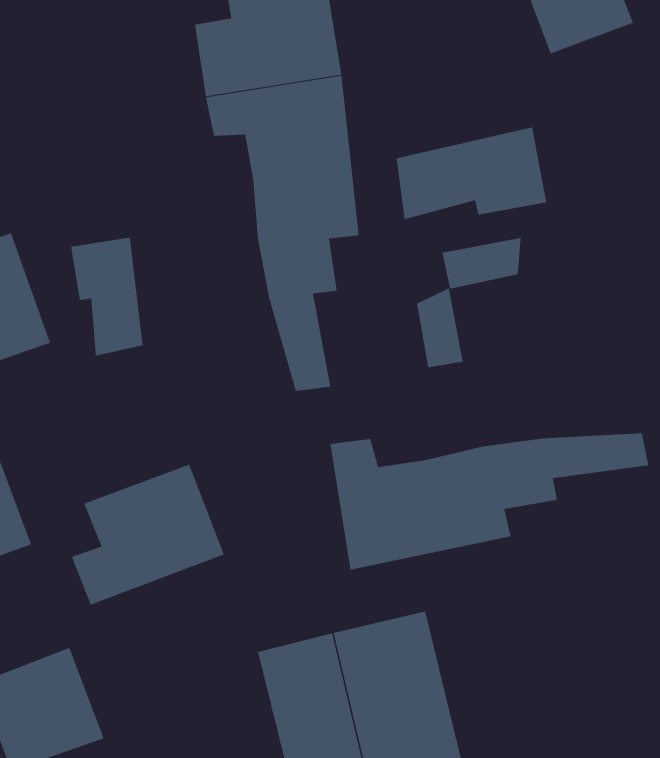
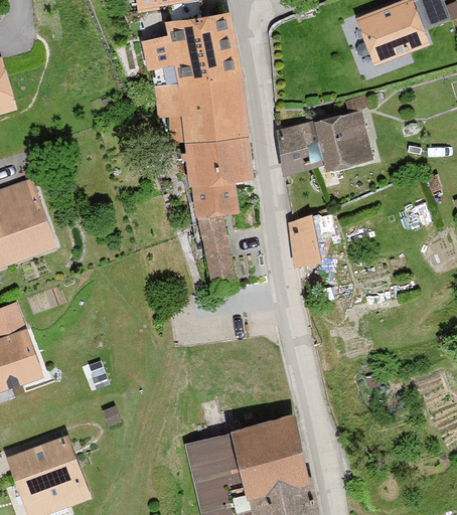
building: [70,237,143,356] -> none
building: [442,237,521,289] -> none
building: [330,432,649,571] -> none
building: [71,464,225,605] -> none

